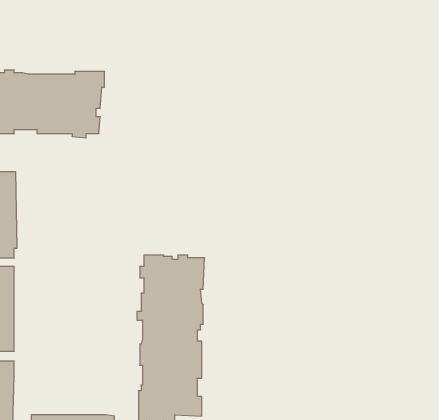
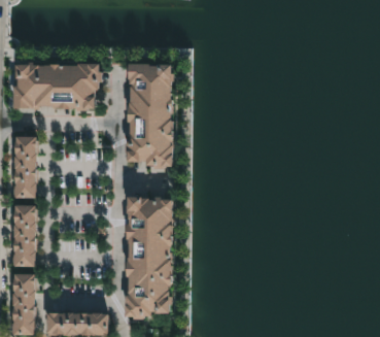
building: none -> [124,64,176,170]

